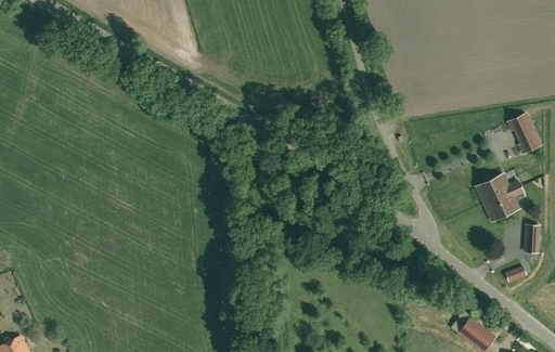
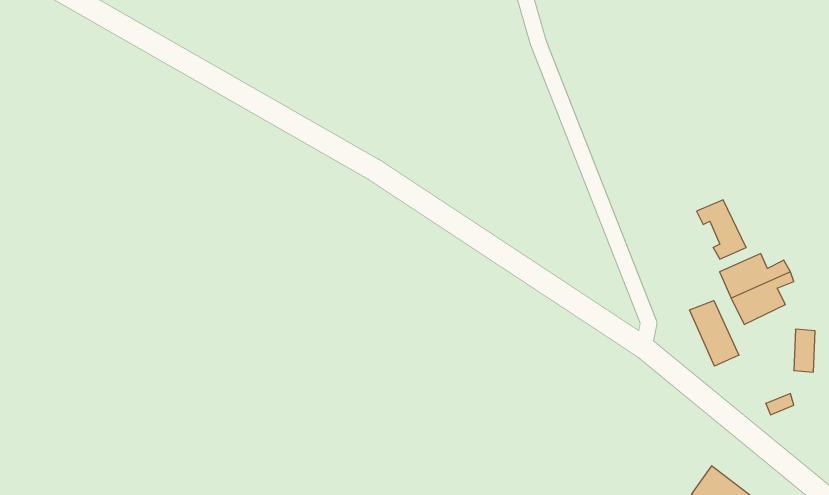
building: [506,114,539,153] -> [697,200,746,259]
building: none -> [689,301,739,366]

